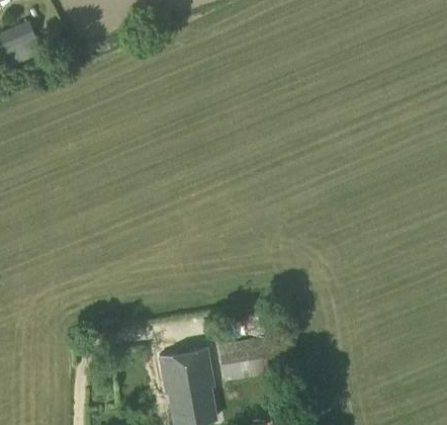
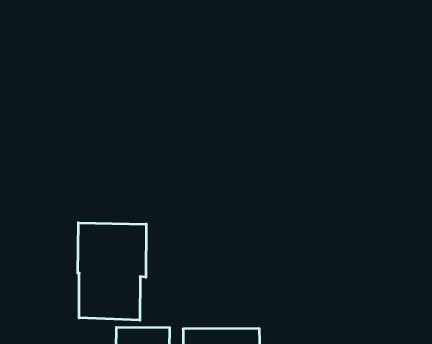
building: none -> [78,223,146,320]

